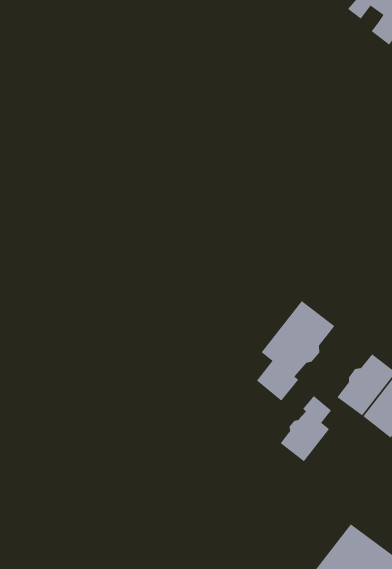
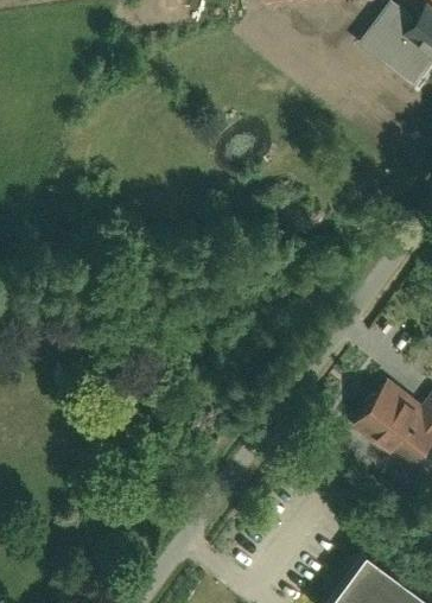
building: [256,300,335,402] -> none
building: [280,395,332,462] -> none

